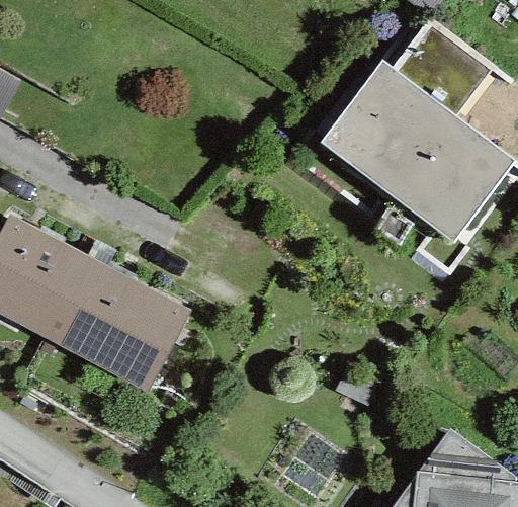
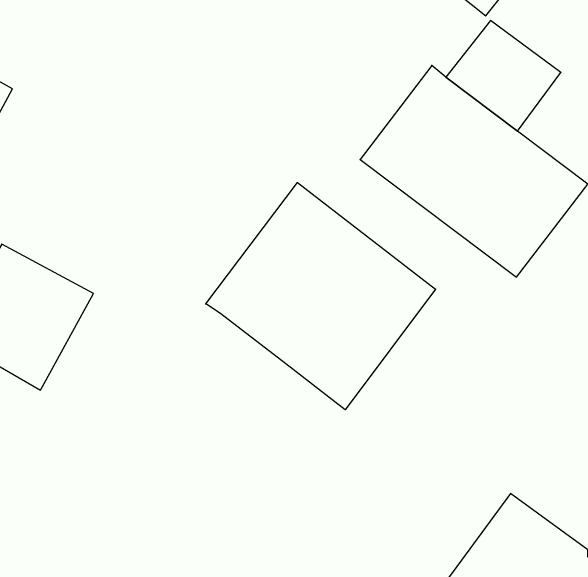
building: none -> [206,183,436,410]
building: [45,256,191,394] -> none

